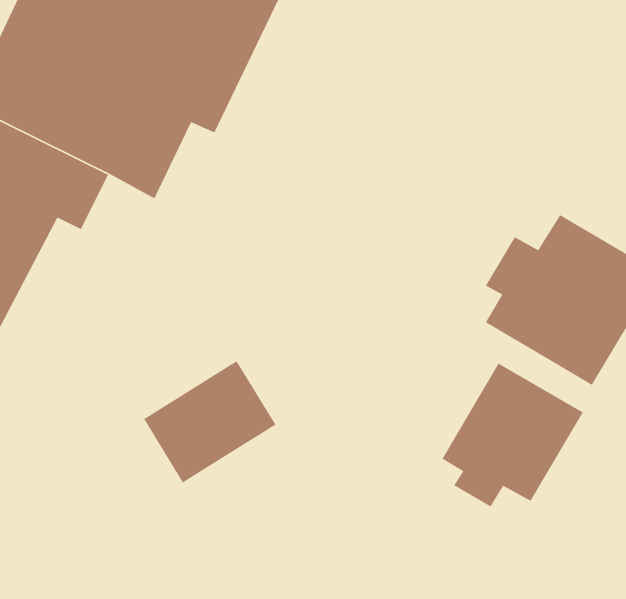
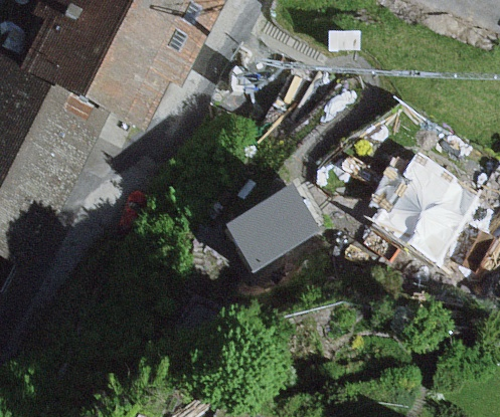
building: [143,360,277,483] -> [225,188,317,272]
building: [441,363,584,507] -> none

